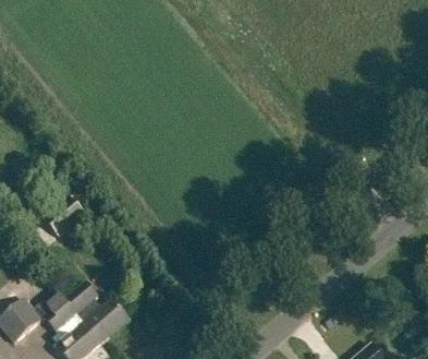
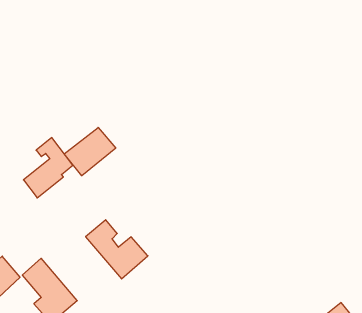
building: none -> [64,127,116,176]
building: [64,282,129,343] -> [86,220,148,279]

